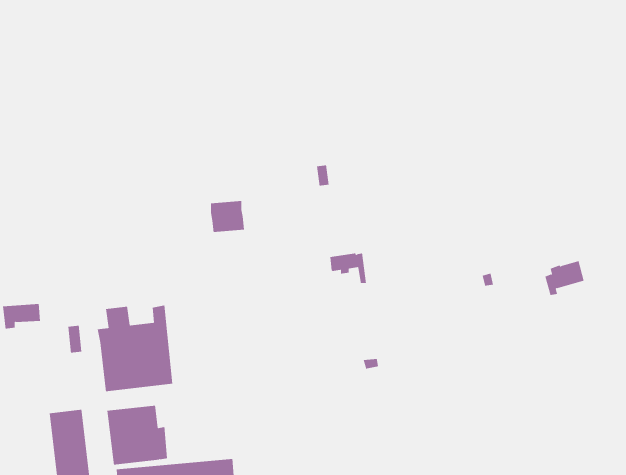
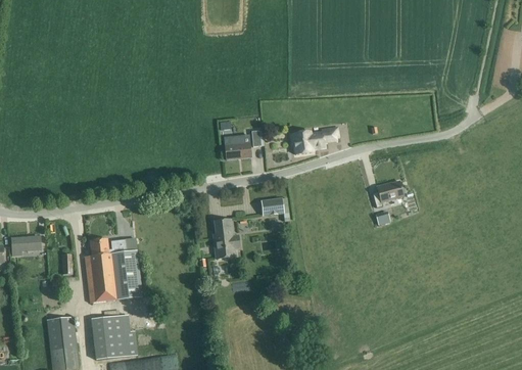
building: none -> [290,127,337,153]
building: [210,200,245,233] -> [224,134,250,158]
building: [545,261,585,295] -> [372,180,402,206]
building: none -> [212,219,239,258]

